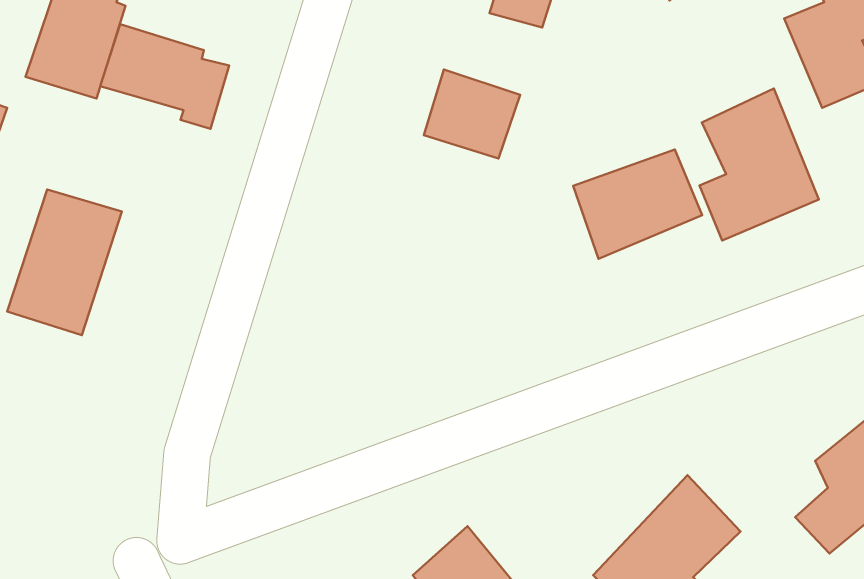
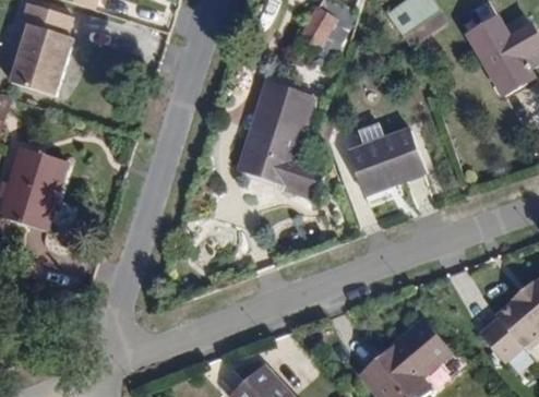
building: [100,24,229,129] -> none
building: [699,89,819,240] -> none
building: none -> [239,117,325,194]

